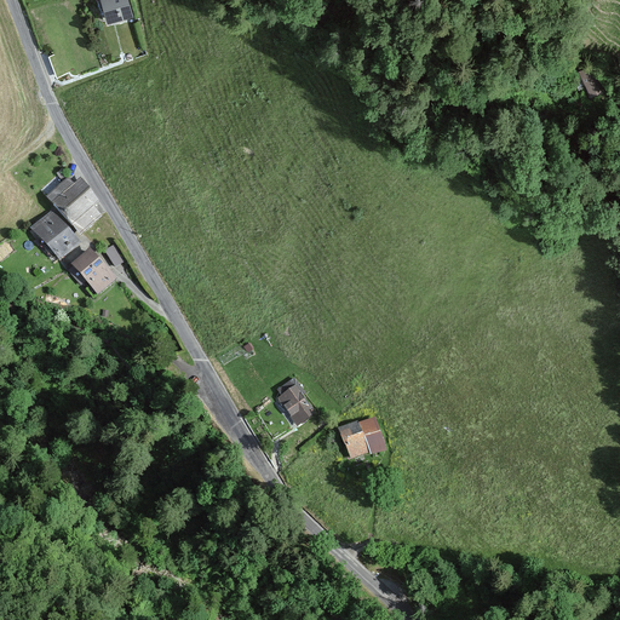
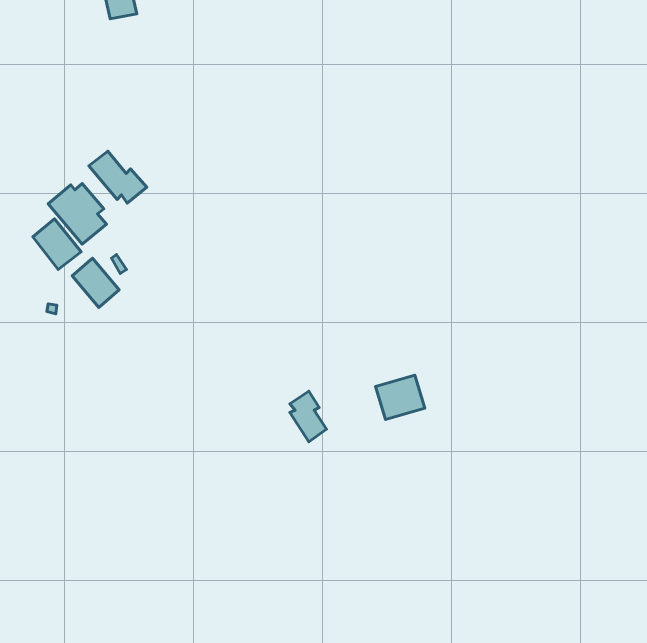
building: none -> [89,151,147,203]
building: [339,417,386,459] -> [375,375,425,420]

